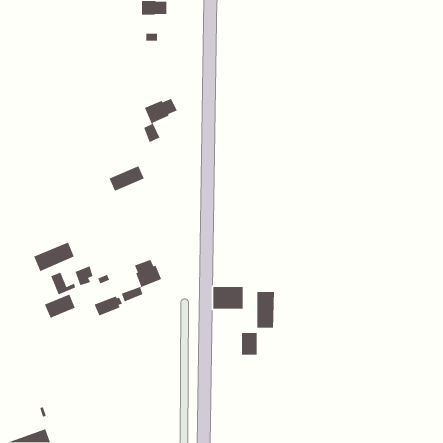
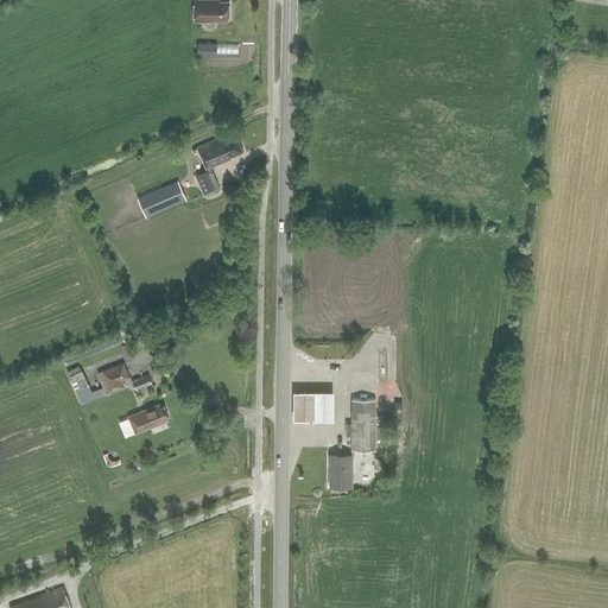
building: [108,165,145,192] -> [137,180,186,217]
building: [33,241,75,272] -> none
building: [121,259,162,303] -> none
building: [44,293,76,319] -> none

